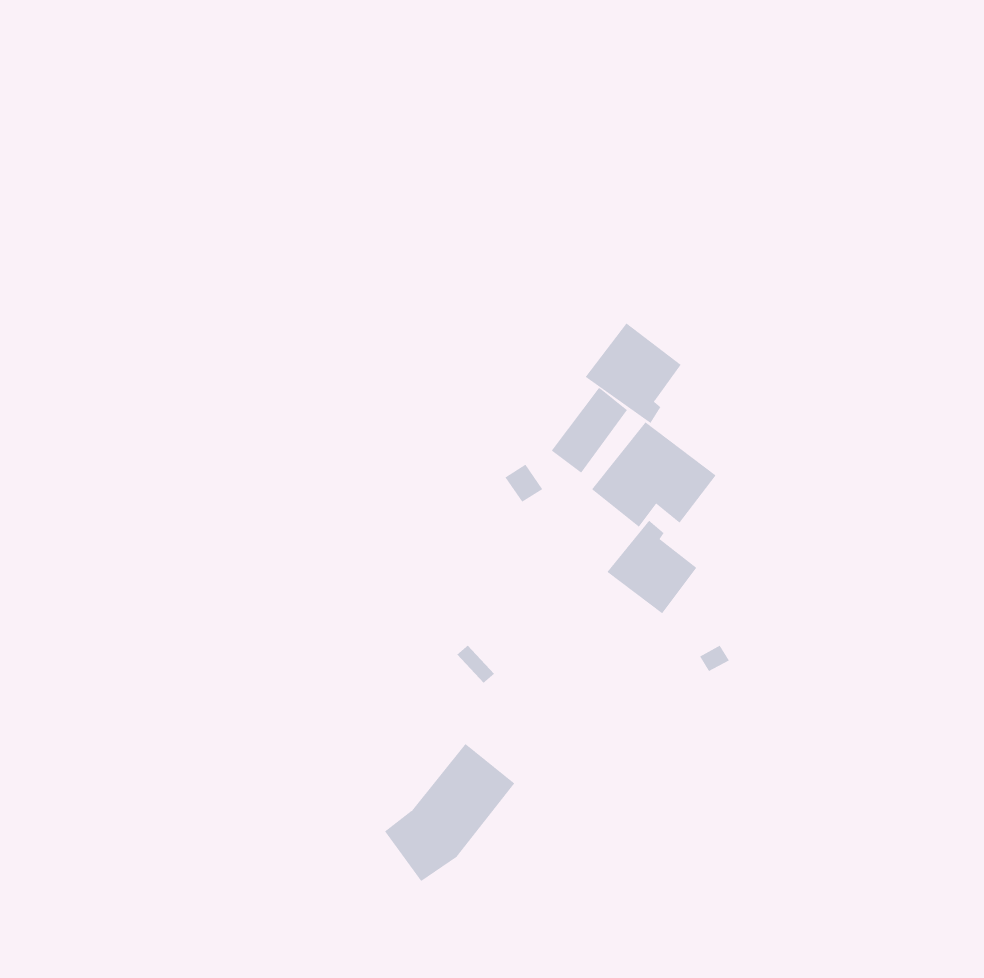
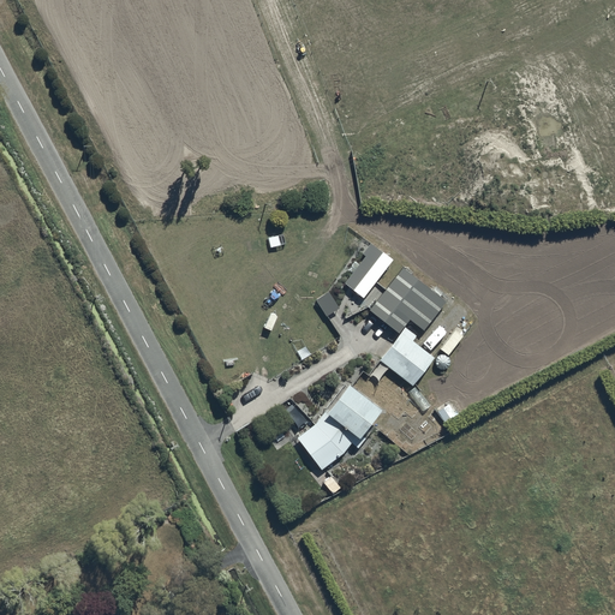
building: [585,322,681,424] -> none
building: [384,743,515,882] -> [297,383,378,470]

